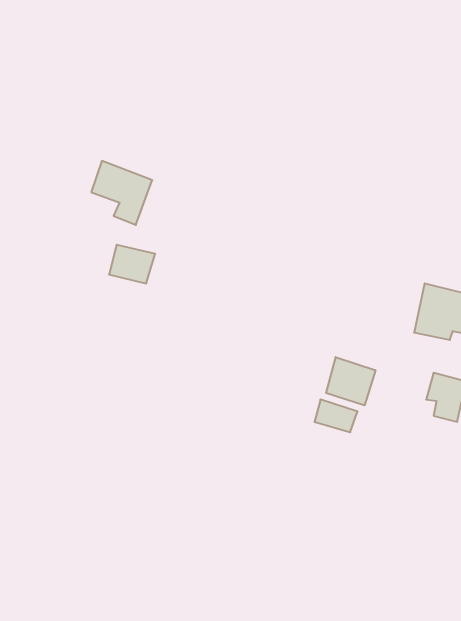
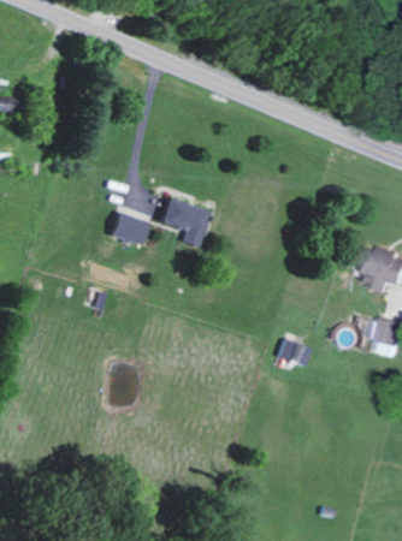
building: [91,161,152,225] -> [160,196,209,248]
building: [326,357,375,405] -> none

